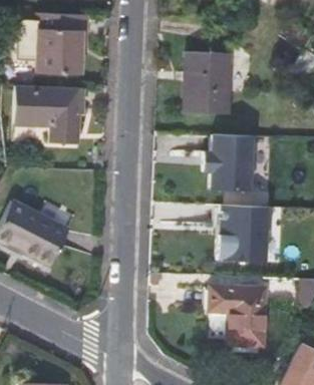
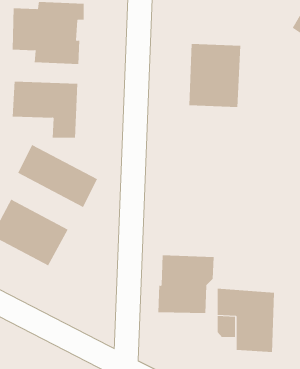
building: [206,132,255,189] -> none
building: none -> [17,144,98,208]
building: [220,204,274,260] -> [158,255,214,314]

